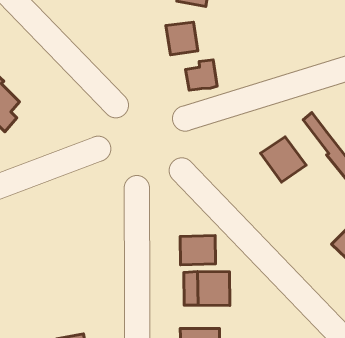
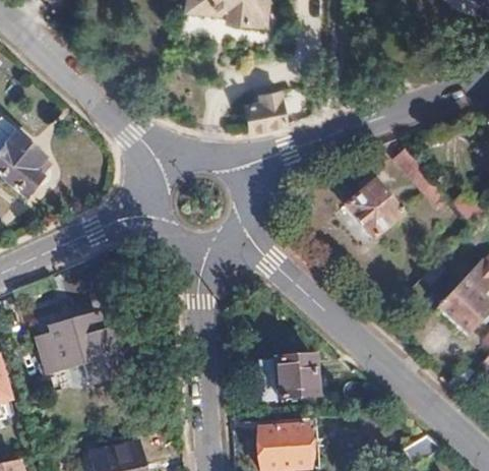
building: [166,22,198,55] -> none
building: none -> [39,310,132,378]
building: [180,236,216,265] -> none

